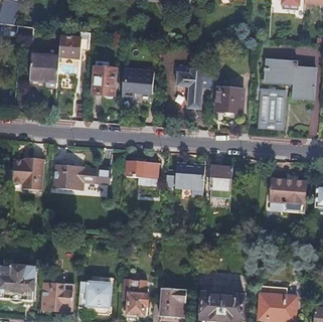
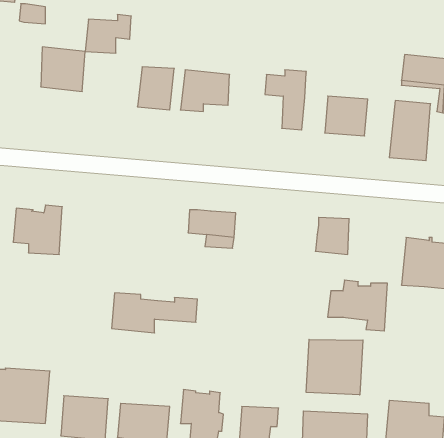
building: [165,162,204,195] -> [328,280,387,331]
building: [54,163,111,189] -> [112,293,197,333]
building: none -> [306,339,363,395]

